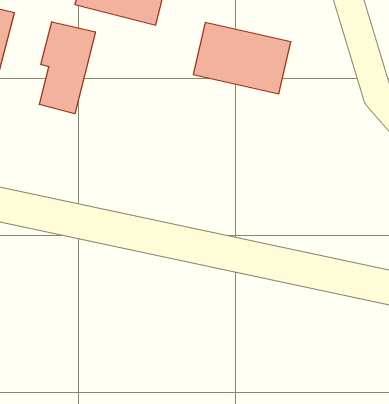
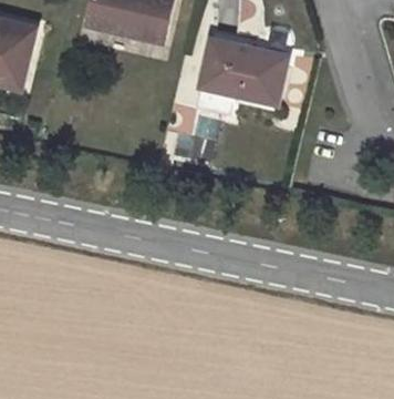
building: [39,22,96,114] -> none

